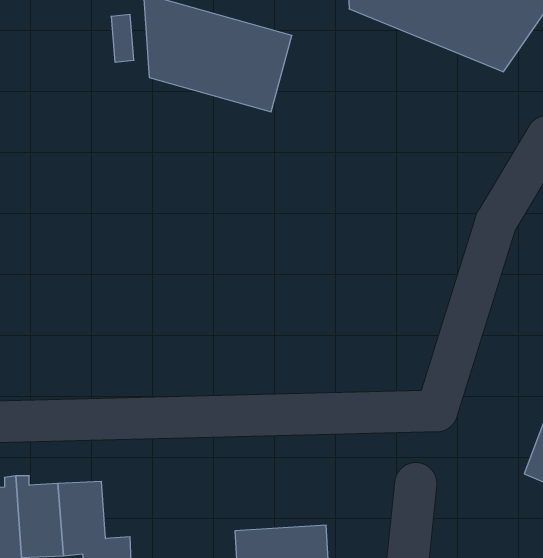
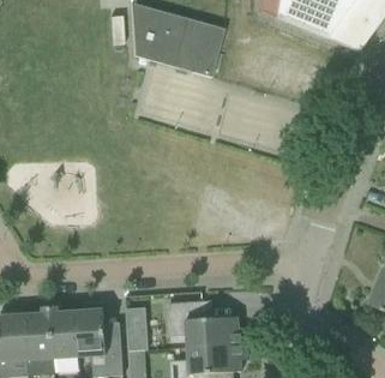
building: none -> [169,302,246,341]
building: none -> [127,307,149,349]

